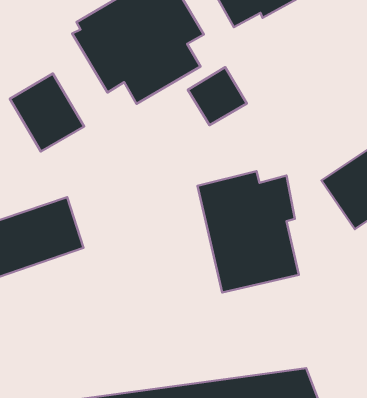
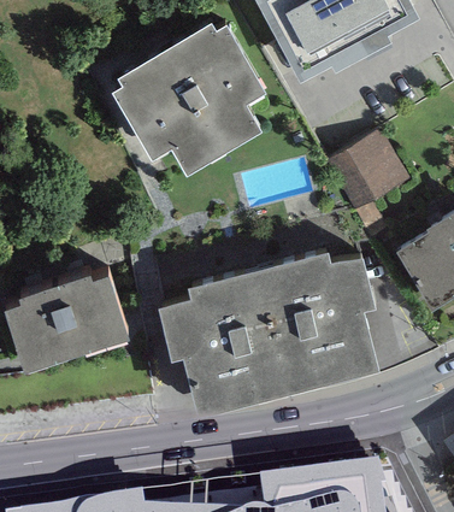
building: [188,67,247,125] -> [335,140,403,207]
building: [10,74,84,152] -> none
building: none -> [157,260,283,406]

